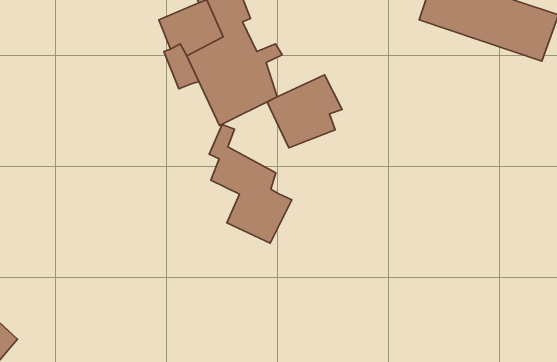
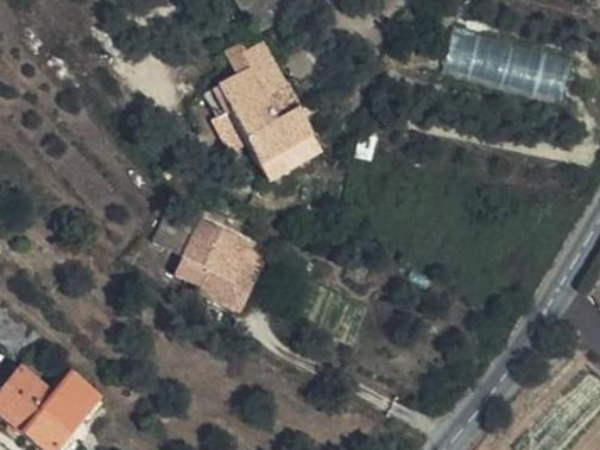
building: [267,75,342,148] -> none
building: [209,124,292,243] -> [178,199,258,305]

